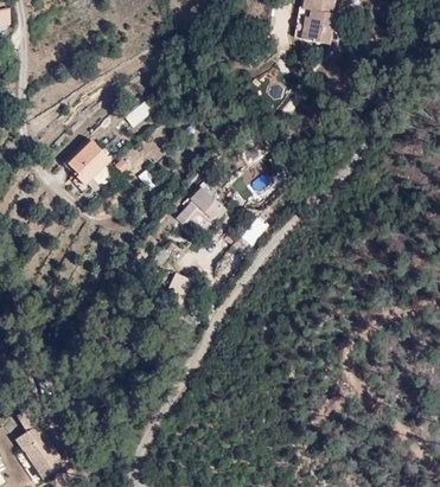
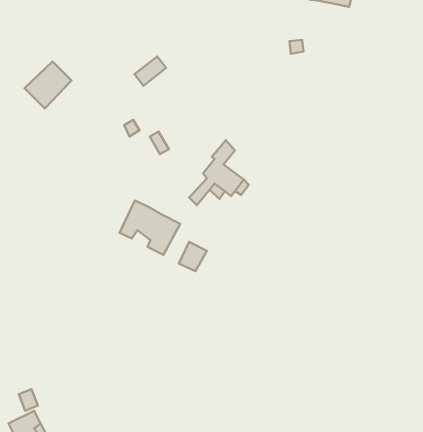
building: [63,143,107,187] -> [25,61,72,108]
building: none -> [119,201,180,255]

